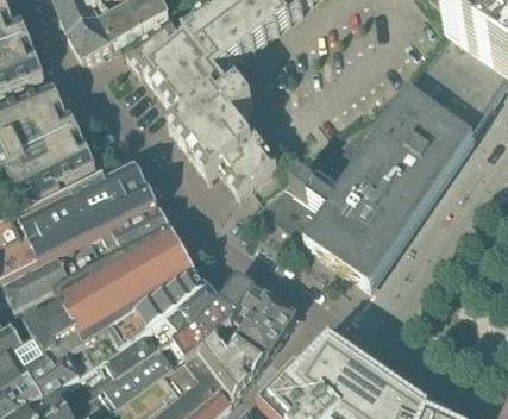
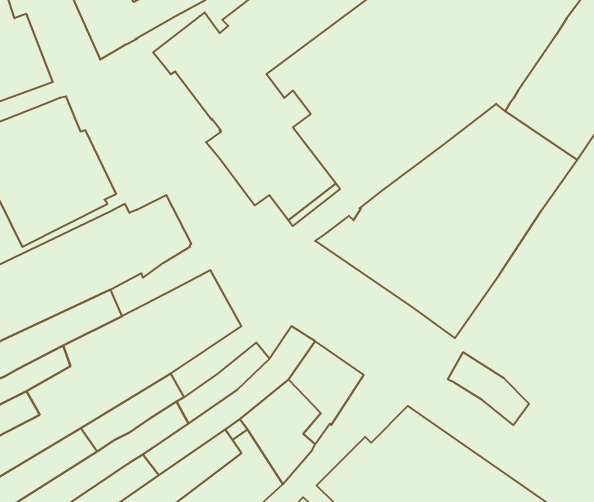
building: [92,206,173,264] -> none
building: [140,273,209,330] -> none
building: none -> [448,352,529,425]

